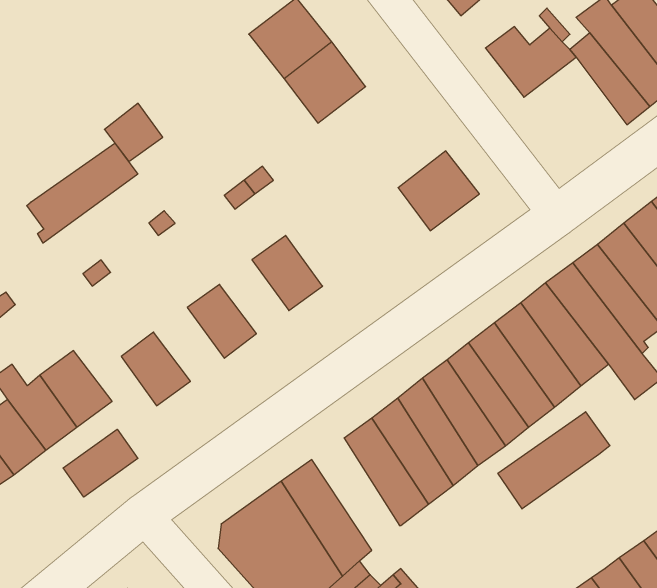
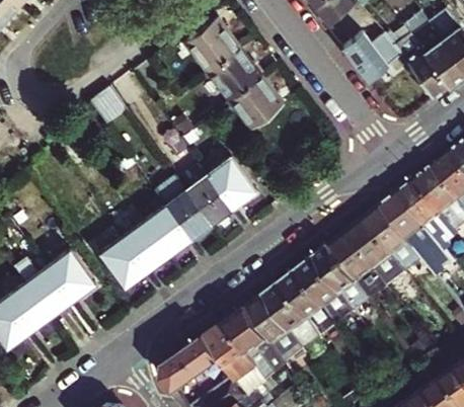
building: [27,143,138,243] -> none
building: [398,151,479,231] -> [229,76,283,129]
building: none -> [208,158,253,208]
building: none -> [152,175,210,239]
building: none -> [121,222,167,270]
building: [498,412,610,509] -> none
building: [63,429,138,497] -> none
building: none -> [225,308,283,382]

